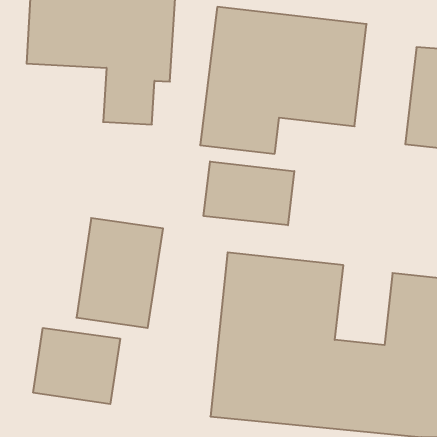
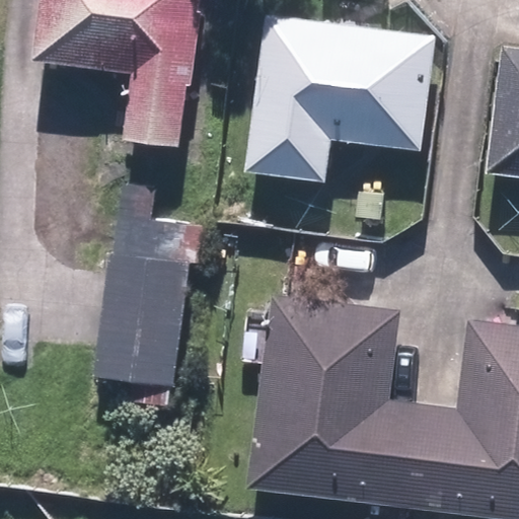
building: [204,161,294,225] -> none
building: [33,328,120,404] -> none

